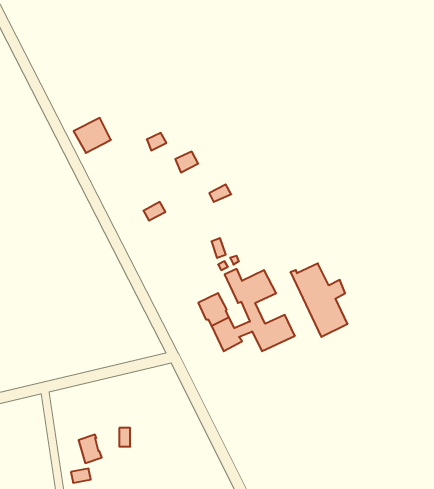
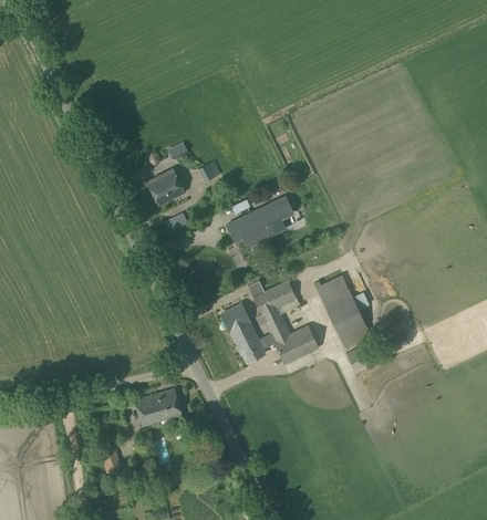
building: [74,118,111,153] -> [146,169,184,205]
building: none -> [227,197,293,246]
building: none -> [134,388,182,426]

